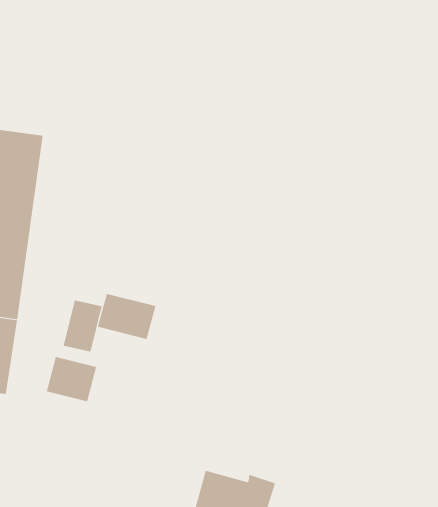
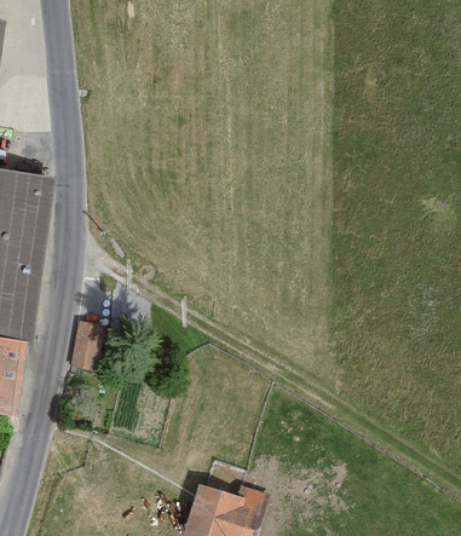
building: [97,293,156,340] -> none
building: [46,356,97,402] -> none

